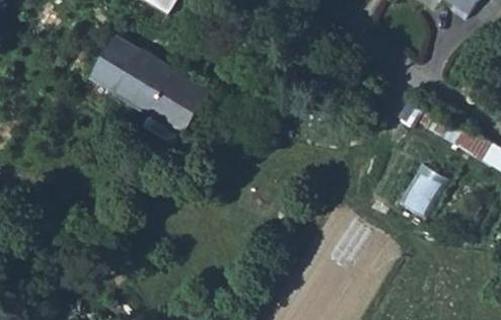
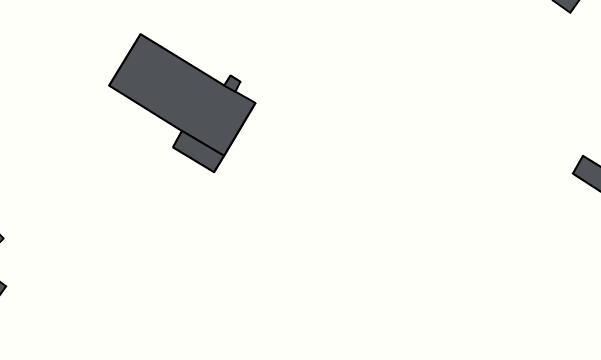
building: [402,163,447,215] -> none

